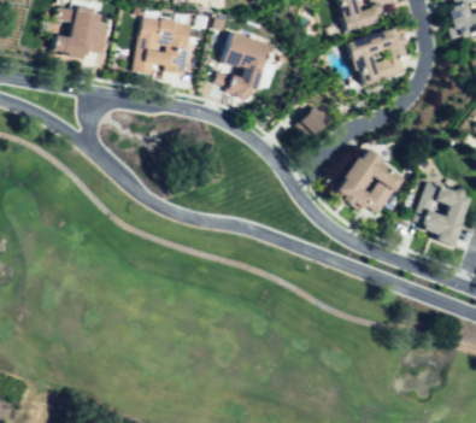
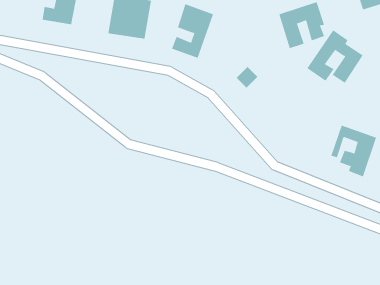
building: [333,147,404,215] -> [307,29,364,83]

